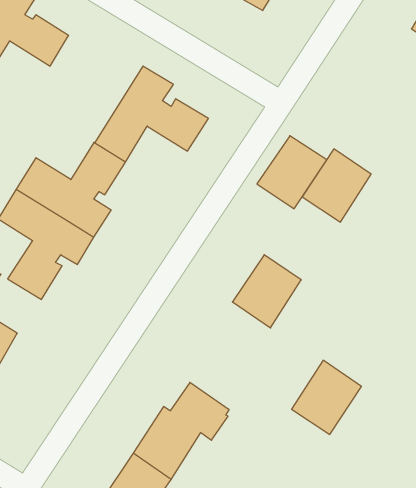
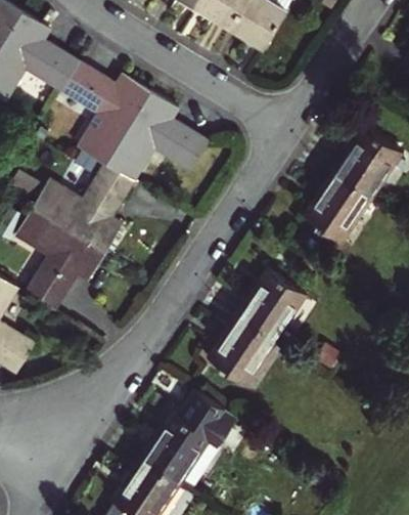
building: none -> [65,66,152,166]
building: [257,136,327,209] -> [331,127,397,196]
building: [292,360,361,434] -> [207,315,272,385]

